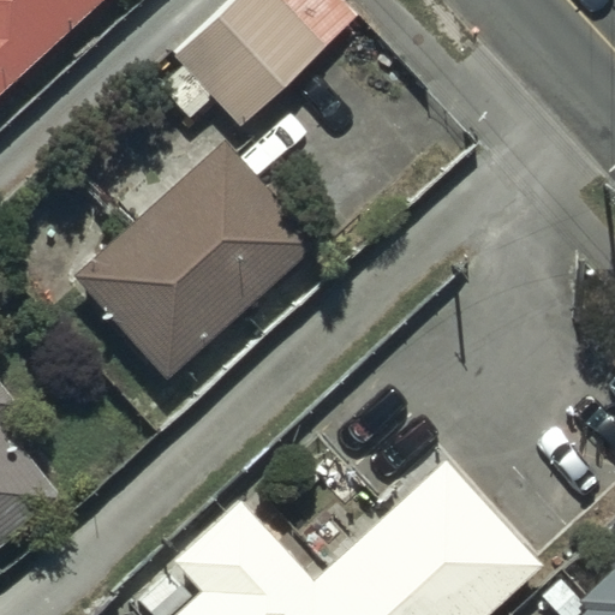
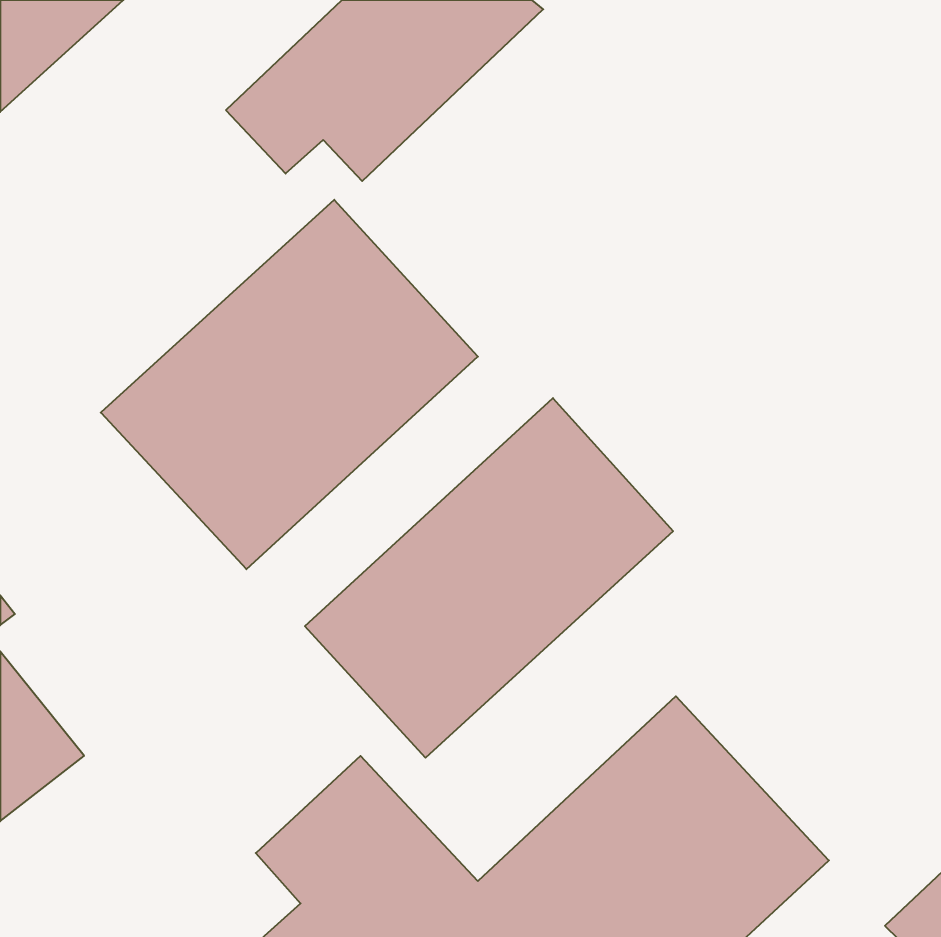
building: none -> [305,398,673,758]

